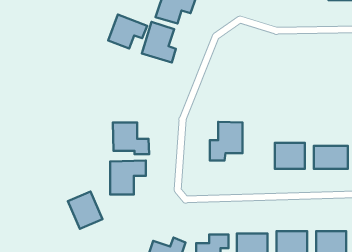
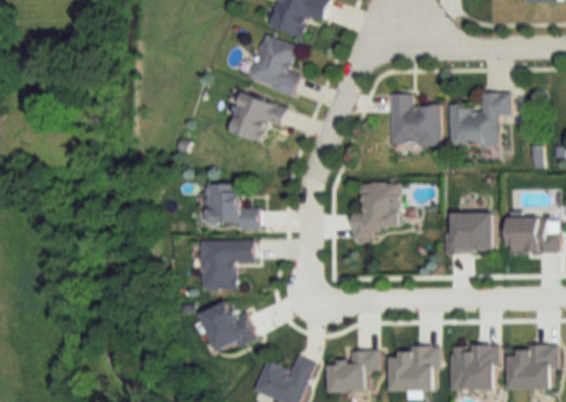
building: [108,15,147,49] -> [229,91,287,142]
building: none -> [448,91,509,144]
building: none -> [389,93,437,146]
building: [68,192,103,229] -> [201,297,253,353]

